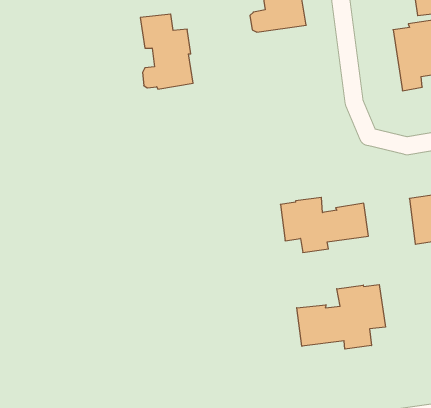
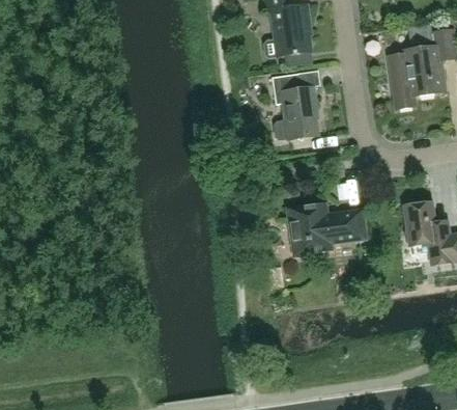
building: [140,14,193,89] -> [273,73,319,139]
building: [297,285,385,349] -> none

